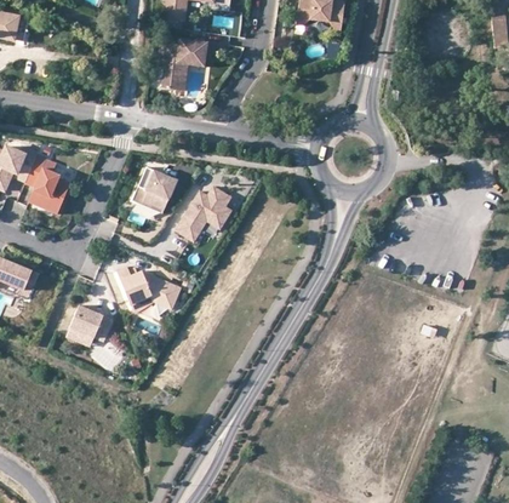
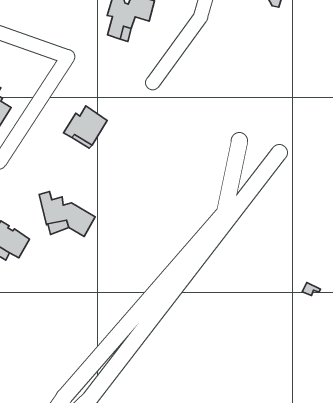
building: [175,187,230,242] -> none

